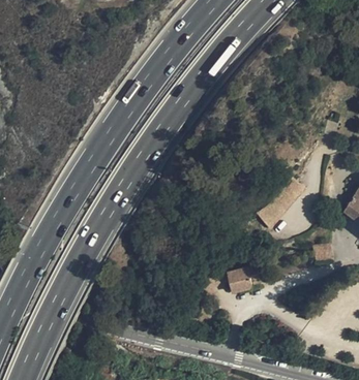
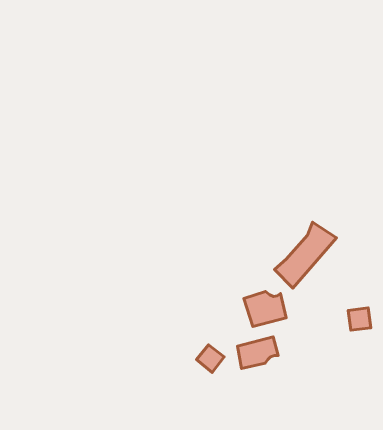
building: none -> [244,292,286,326]

